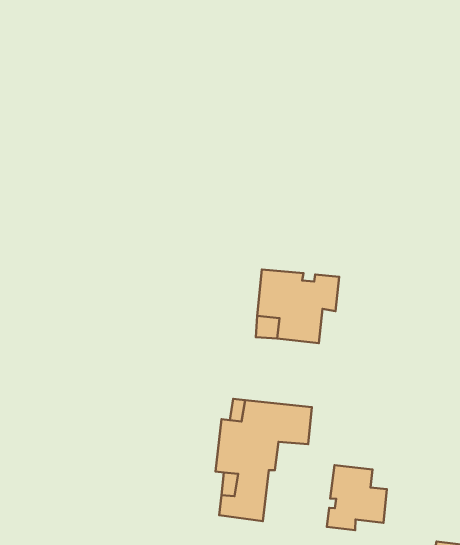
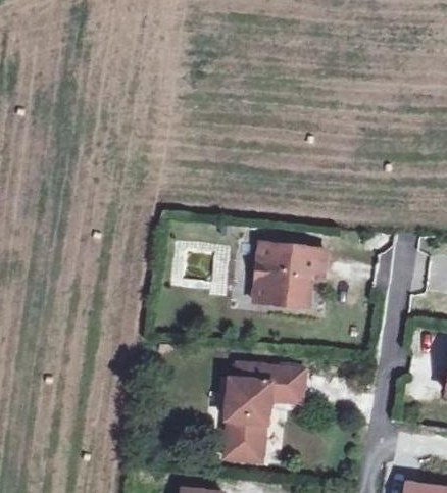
building: [327,465,387,530] -> none

